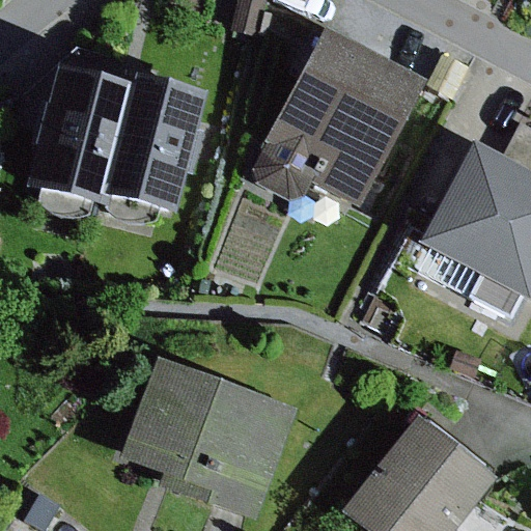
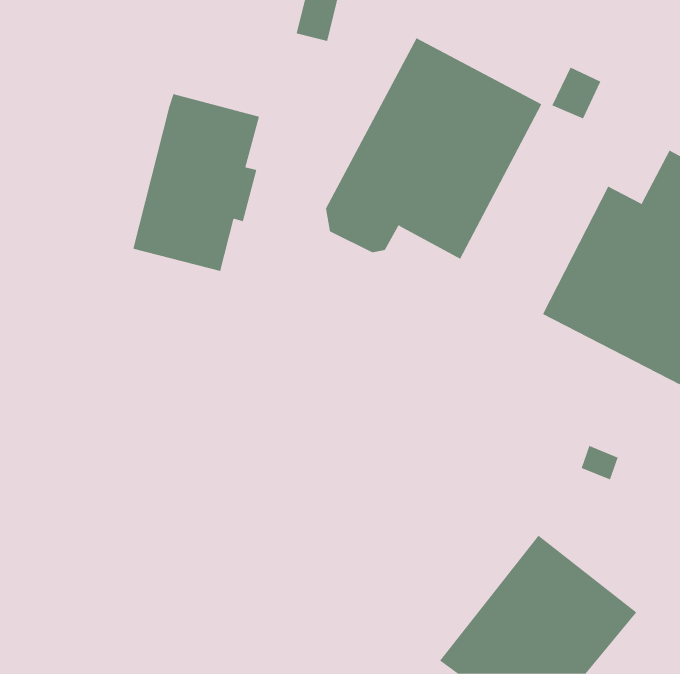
building: [29,64,134,203] -> none
building: [121,356,299,519] -> none

